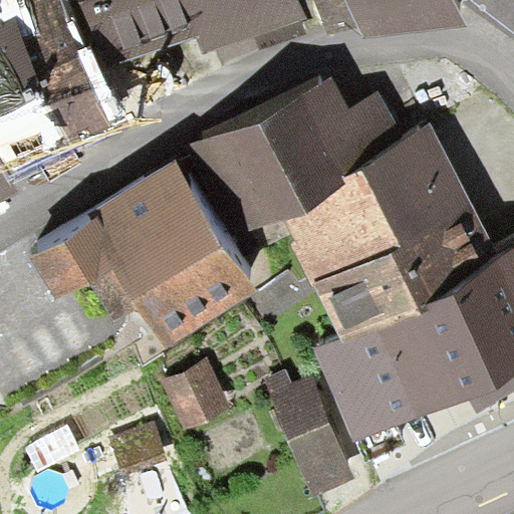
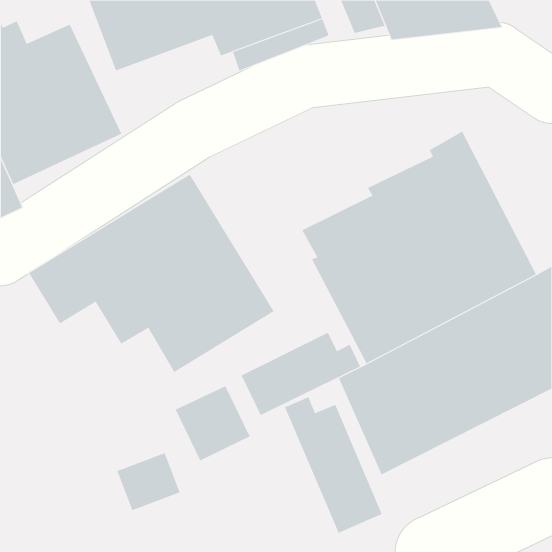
building: [188,73,402,237] -> none
building: none -> [241,332,361,416]

